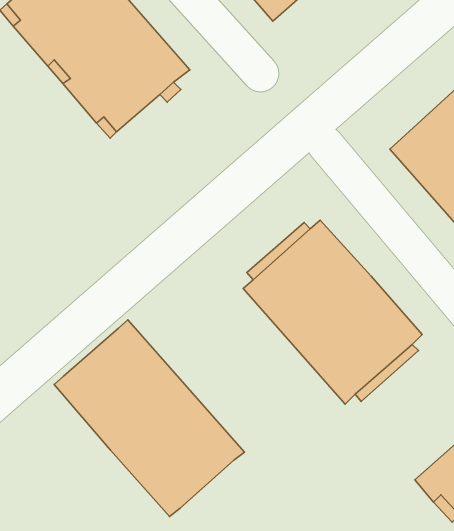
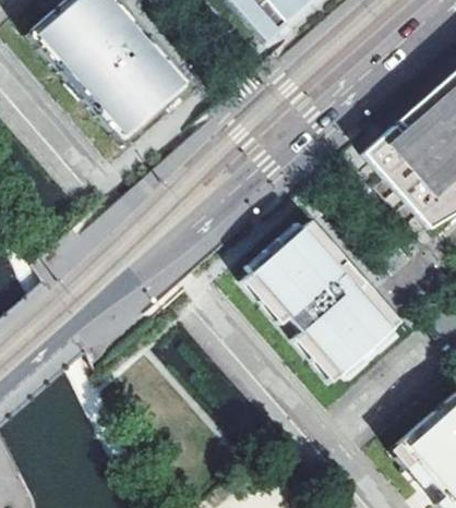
building: [54,320,244,516] -> none

